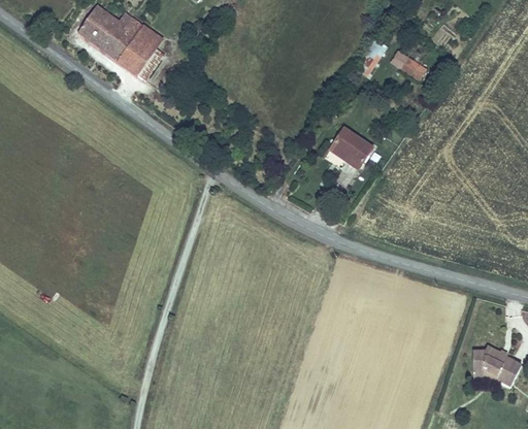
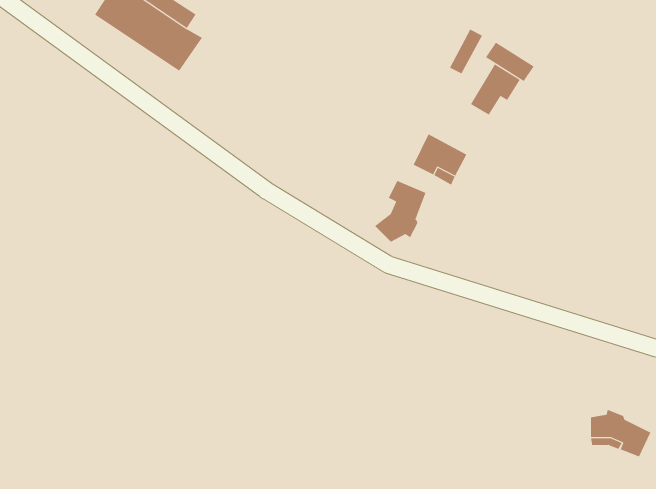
building: none -> [470,63,521,115]
building: none -> [374,180,426,242]

